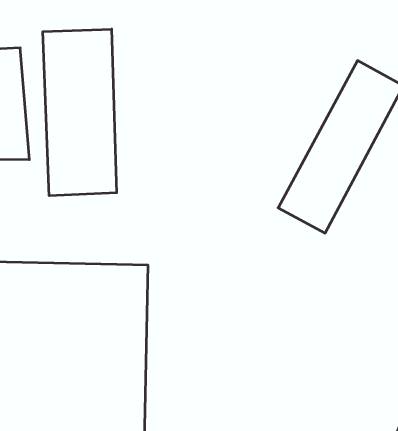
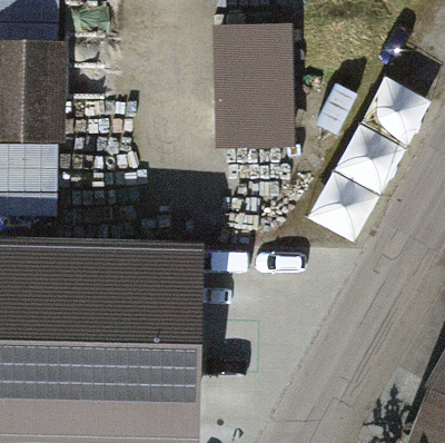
building: none -> [216,16,299,140]
building: [43,29,117,196] -> none

